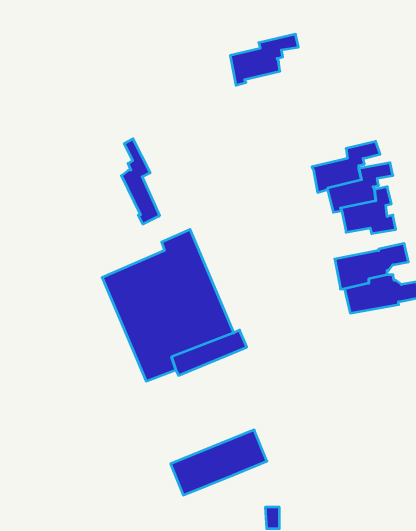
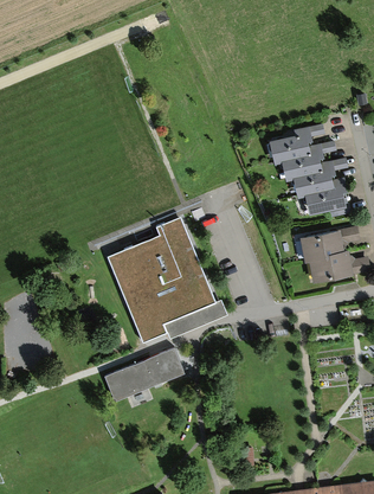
building: [230,34,298,85] -> [269,124,325,167]
building: [121,139,160,224] -> none
building: [171,430,267,495] -> [104,346,185,400]

